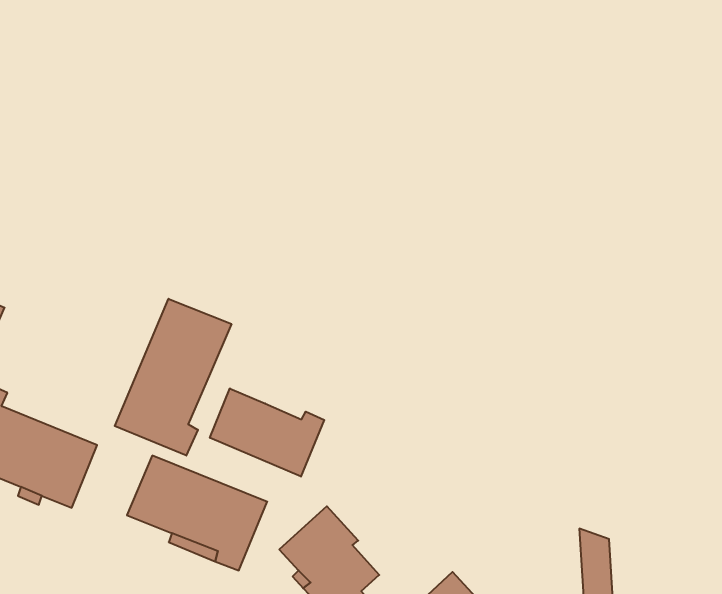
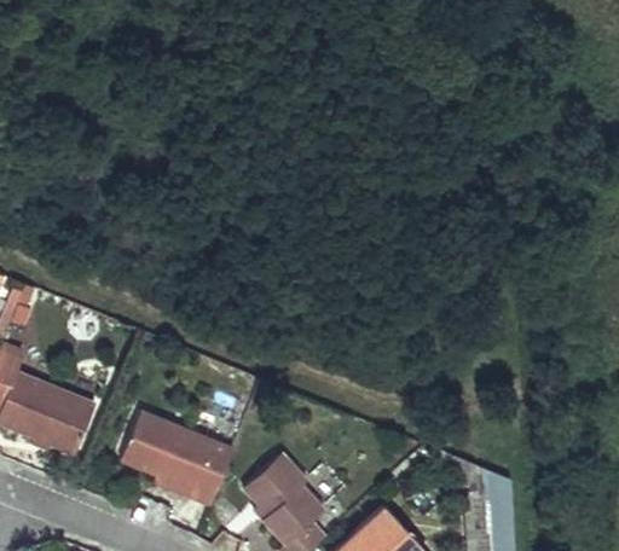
building: [115,299,231,456] -> none
building: [210,388,324,477] -> none

